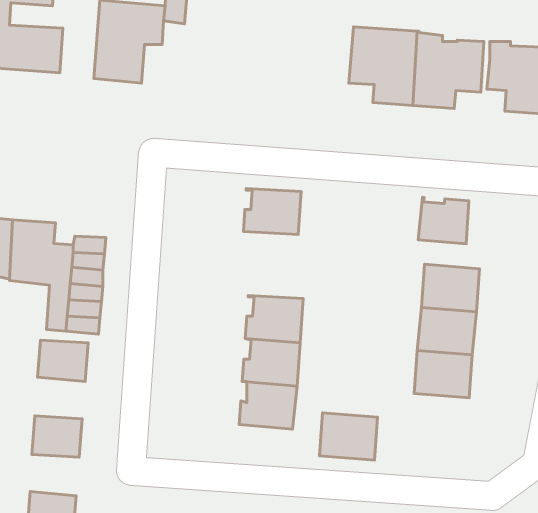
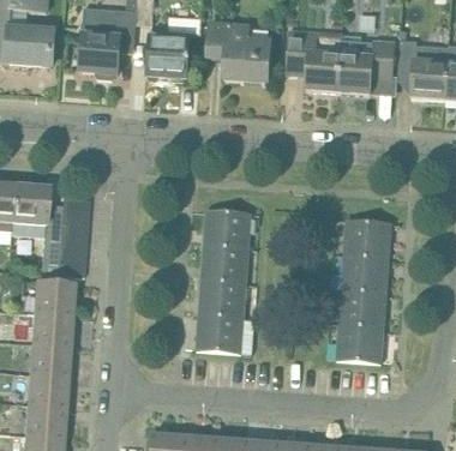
building: none -> [148,14,200,77]
building: none -> [208,22,270,83]
building: [243,189,301,235] -> [204,210,251,247]
building: [418,197,469,244] -> none
building: none -> [31,311,72,344]
building: [320,413,377,460] -> [336,324,383,362]
building: none -> [28,373,67,407]

